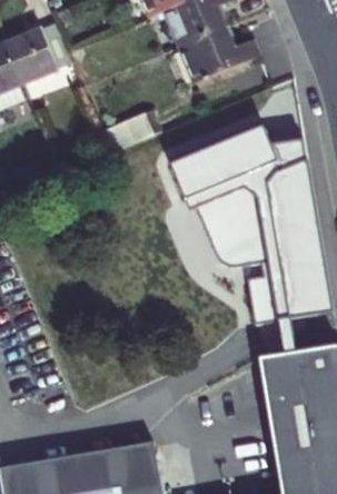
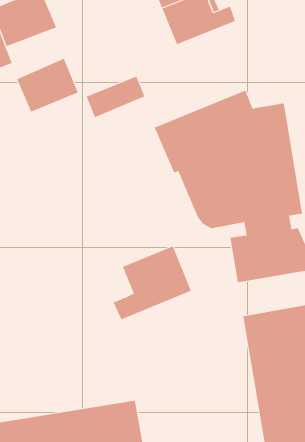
building: none -> [17,58,78,112]
building: none -> [113,246,192,320]

